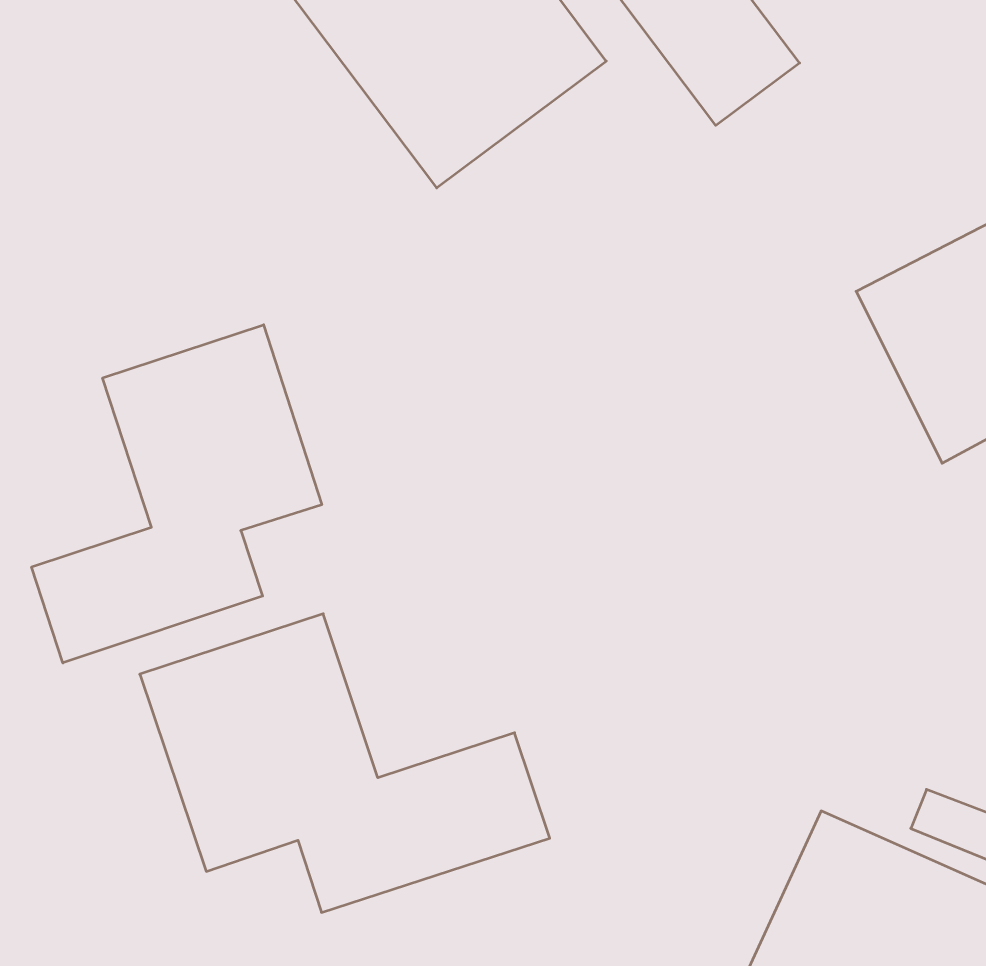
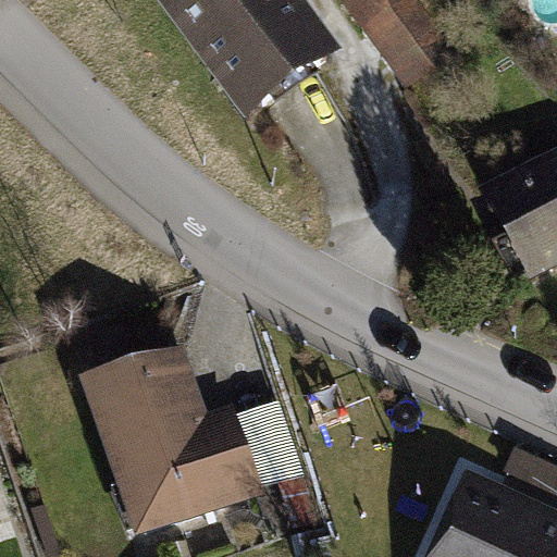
building: [32,325,322,663] -> none

